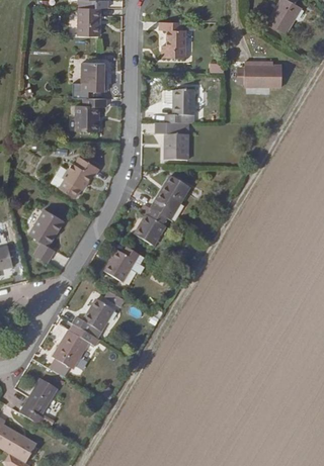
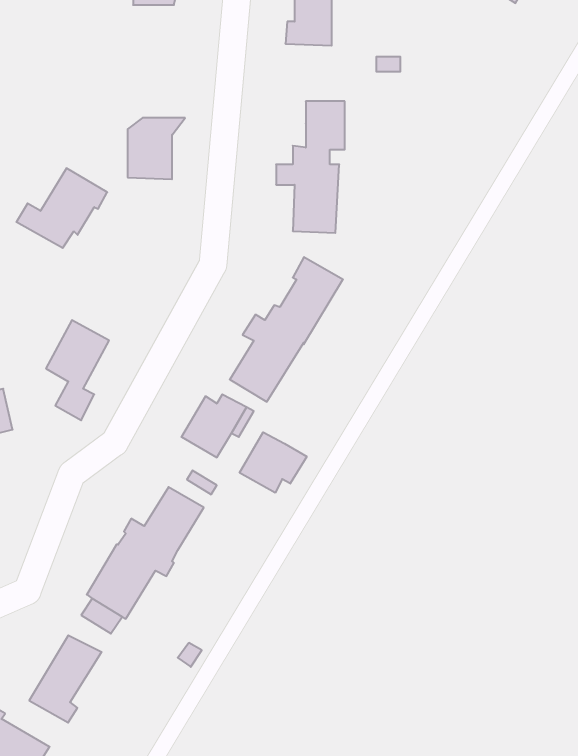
building: [244,59,281,84] -> none
building: [81,61,107,90] -> none
building: [50,153,99,196] -> [16,168,107,248]
building: none -> [240,432,307,493]

